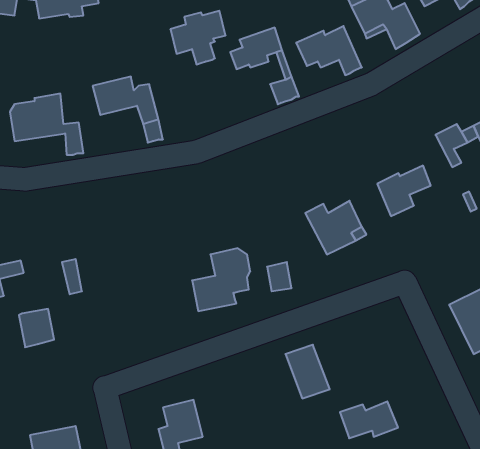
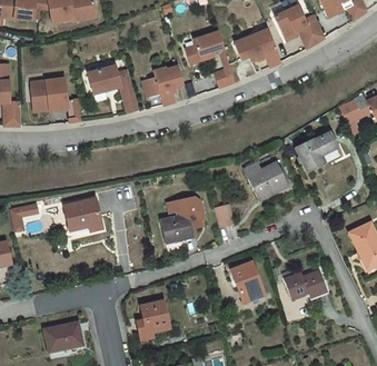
building: [170,11,226,64] -> [143,68,183,107]
building: [19,309,54,347] -> [77,195,102,222]
building: [340,401,398,438] -> [282,270,325,297]

